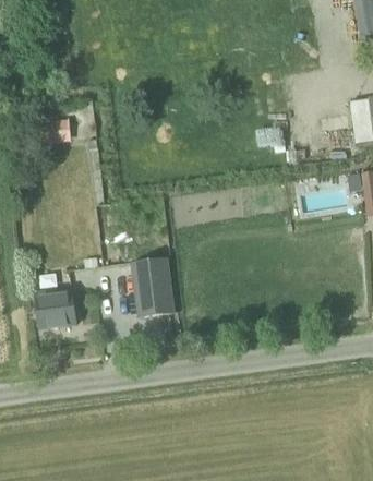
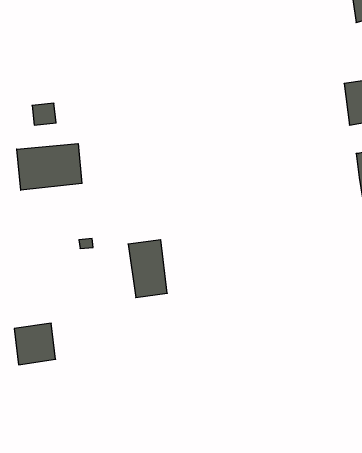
building: none -> [17,144,82,190]
building: [36,287,77,328] -> [14,323,56,365]

